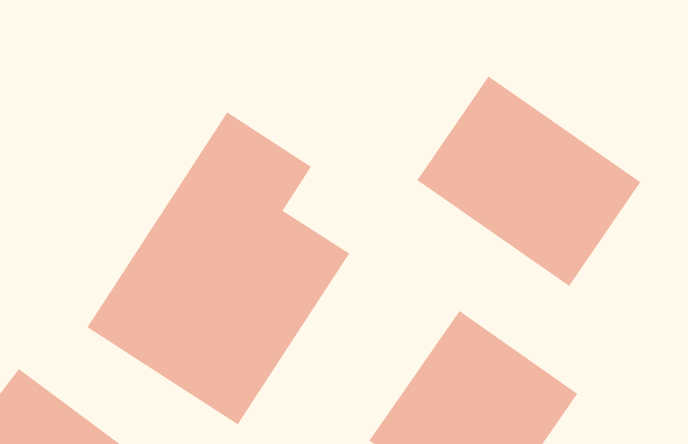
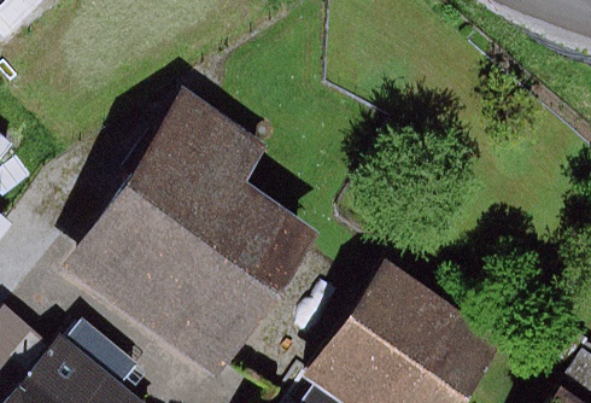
building: [417,75,641,287] -> none

